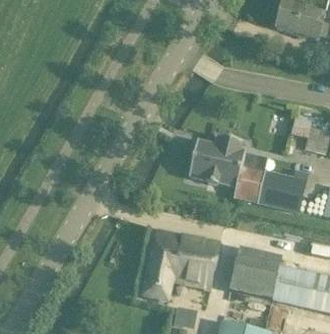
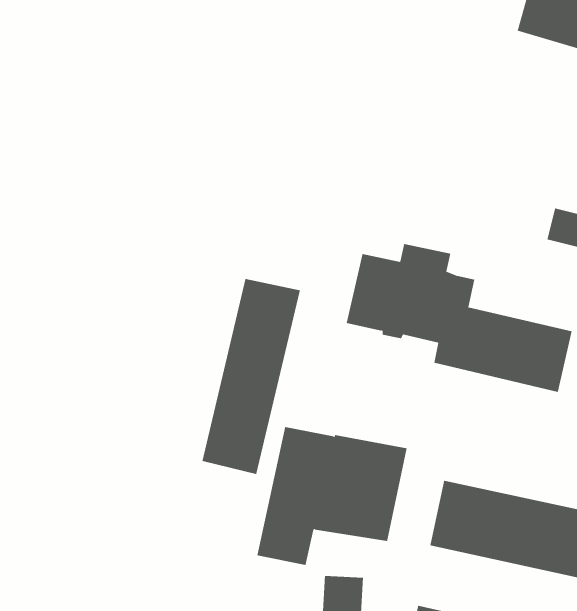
building: none -> [202,278,300,475]

